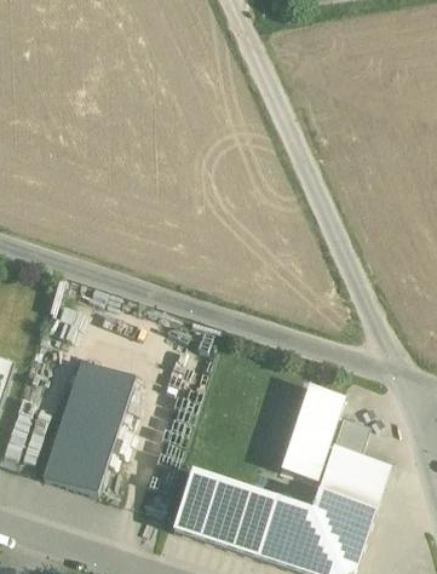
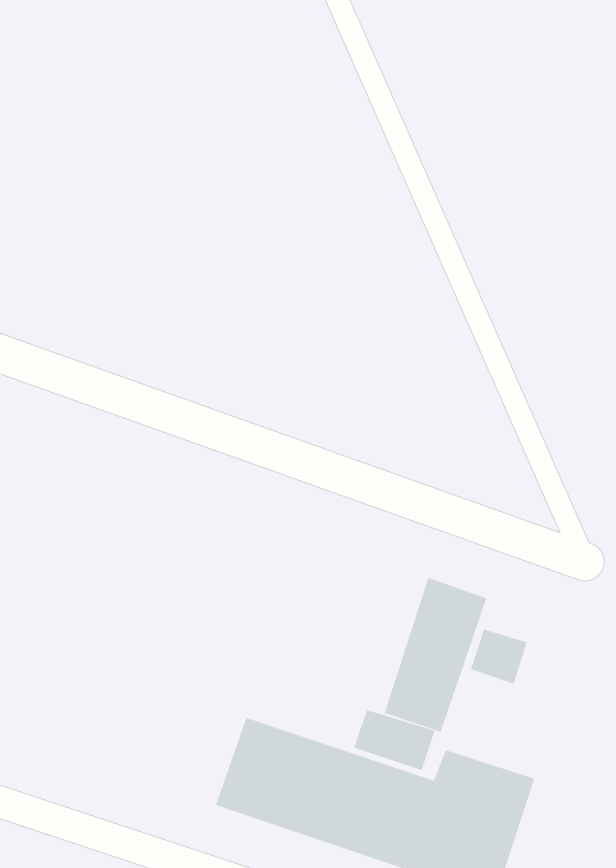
building: [42,360,134,494] -> none
building: [317,443,389,509] -> none

